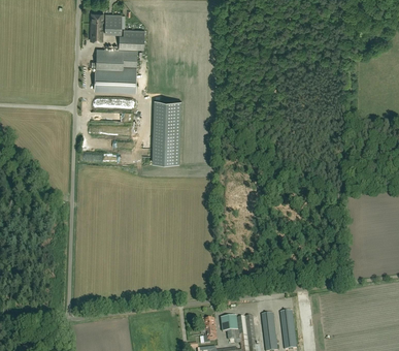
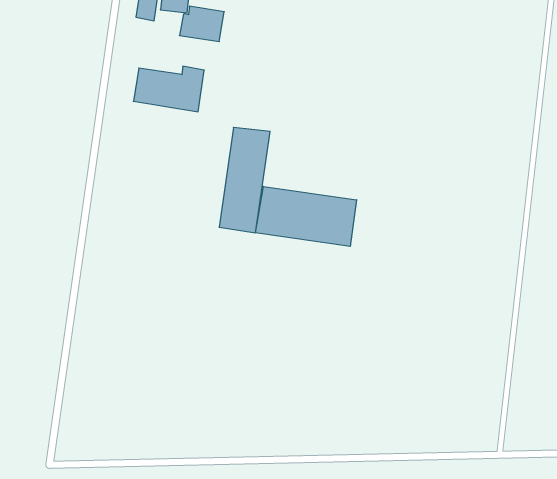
building: [91,49,136,71] -> none
building: none -> [256,186,357,246]

